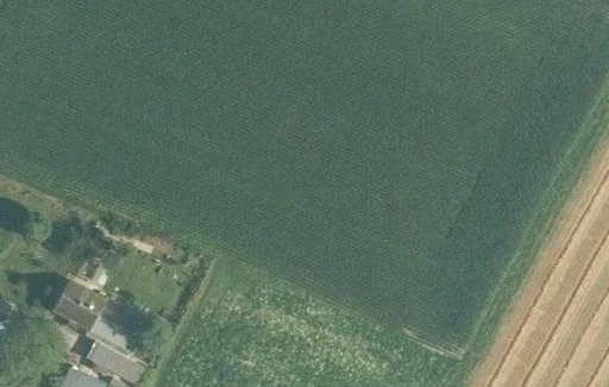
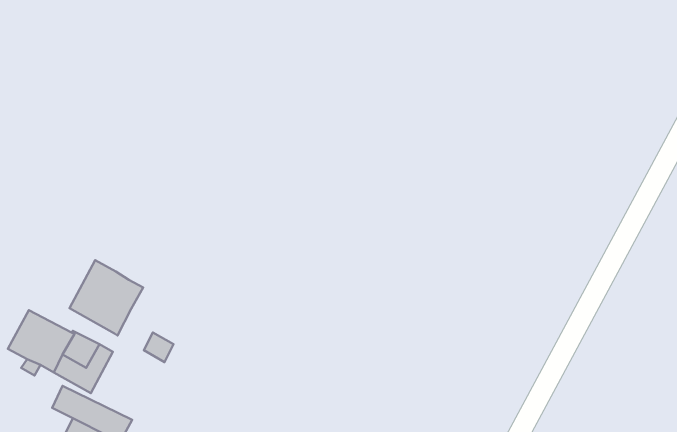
building: none -> [70,260,143,335]

